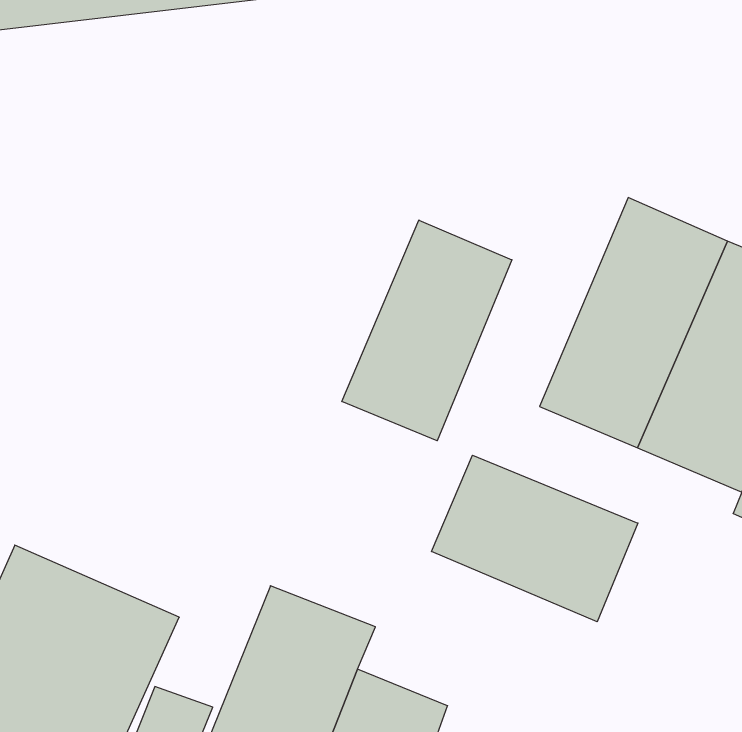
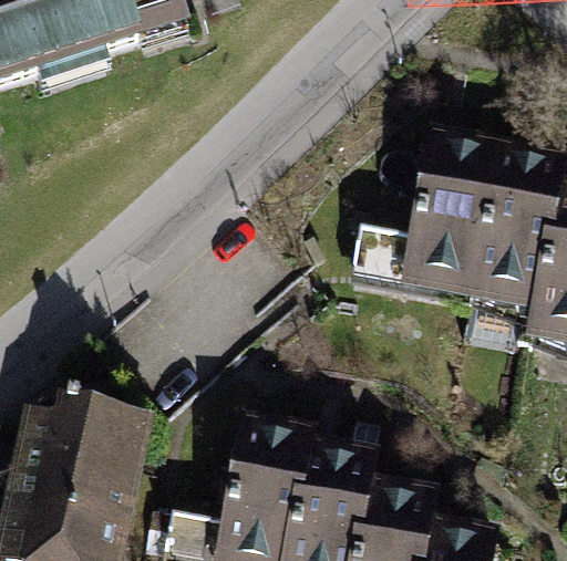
building: [342,220,512,441] -> none
building: [432,455,638,622] -> none

